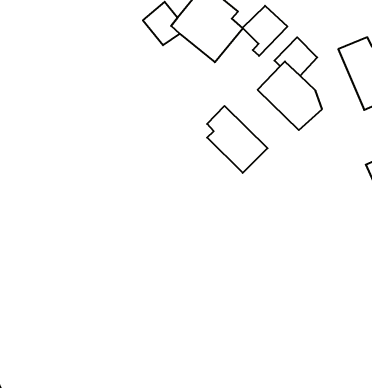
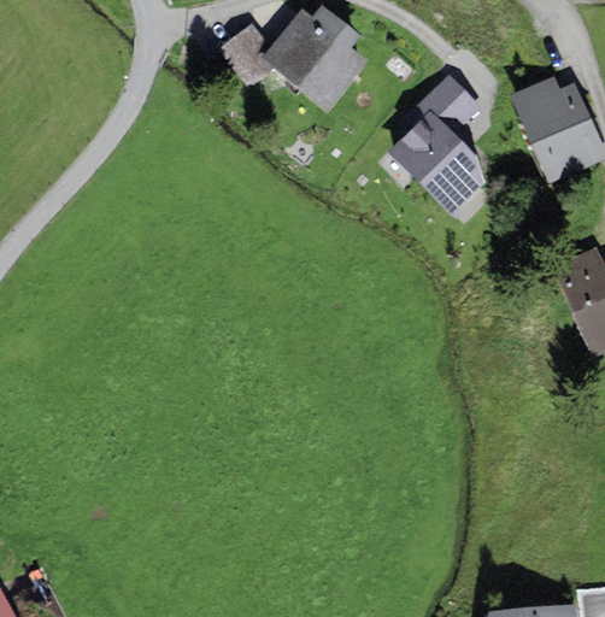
building: [243,6,287,56] -> none
building: [207,106,268,173] -> none

